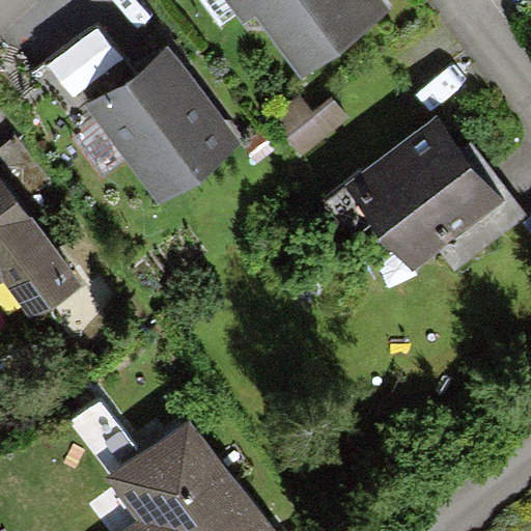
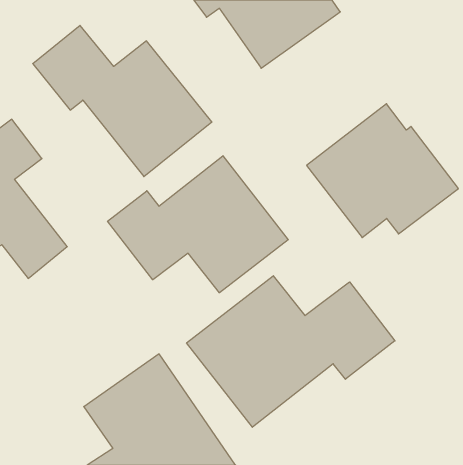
building: none -> [108,156,288,293]
building: none -> [187,276,395,427]

